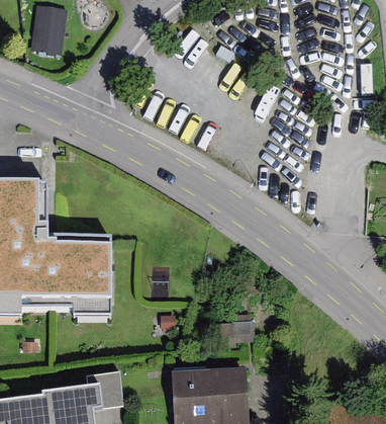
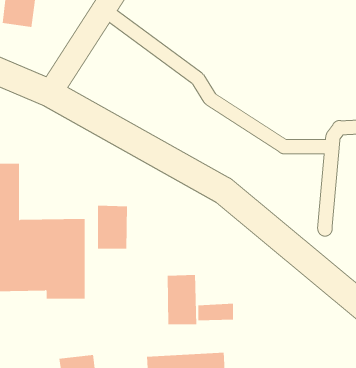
building: none -> [97,205,128,249]
building: none -> [167,274,197,325]

